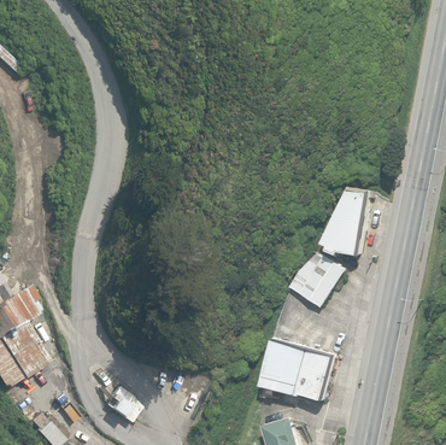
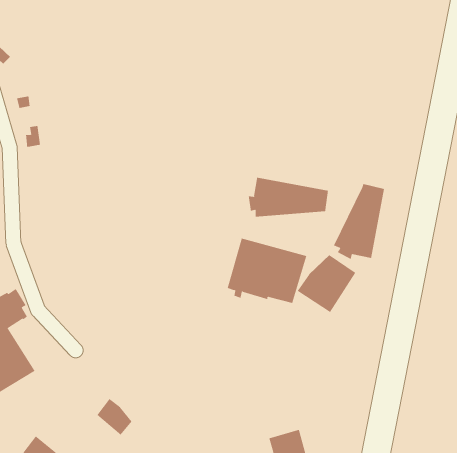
building: none -> [248,177,329,217]
building: [260,338,335,399] -> [227,238,307,304]

